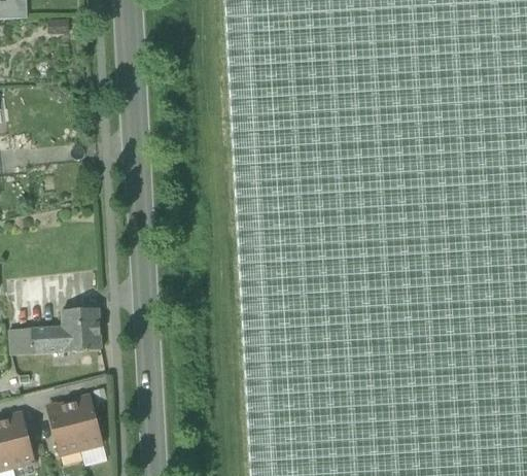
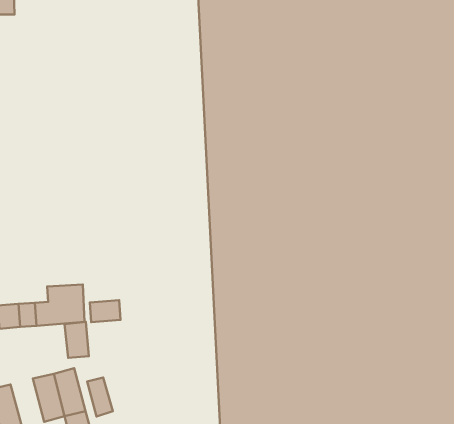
building: none -> [90,300,120,322]
building: none -> [65,322,89,358]
building: none -> [87,377,113,416]

